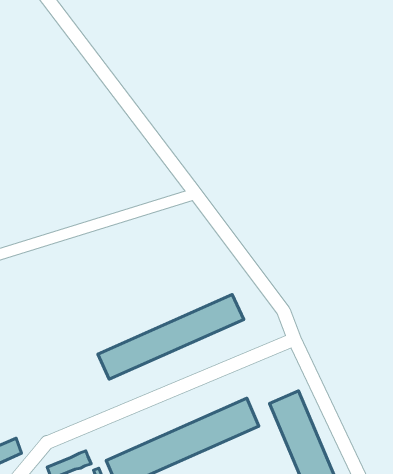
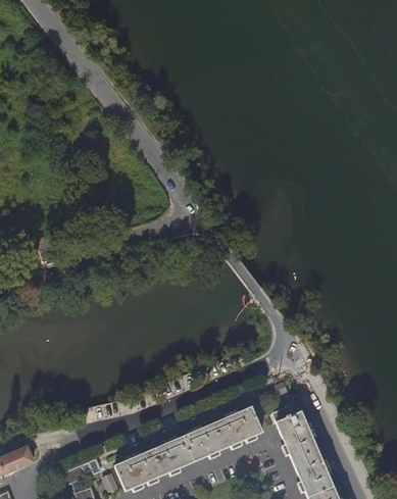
building: [98,295,244,379] -> none

